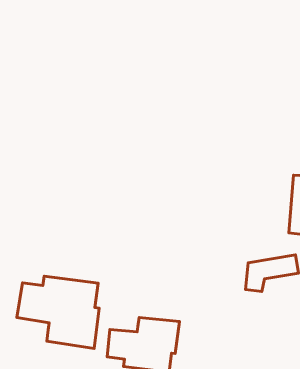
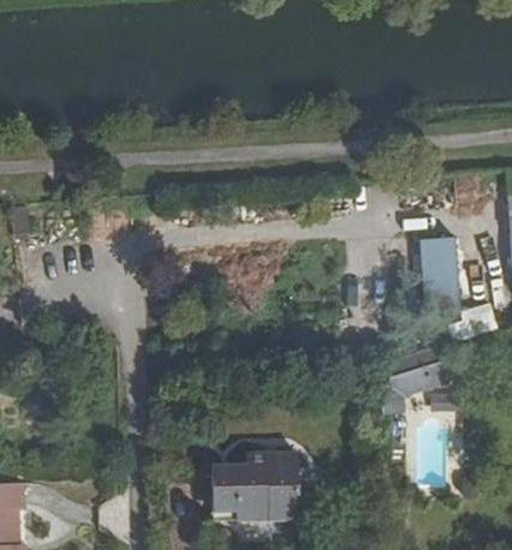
building: [17,276,99,349] -> none

